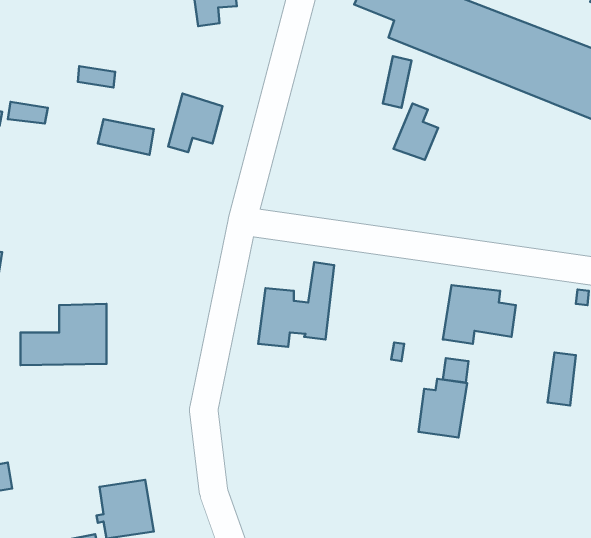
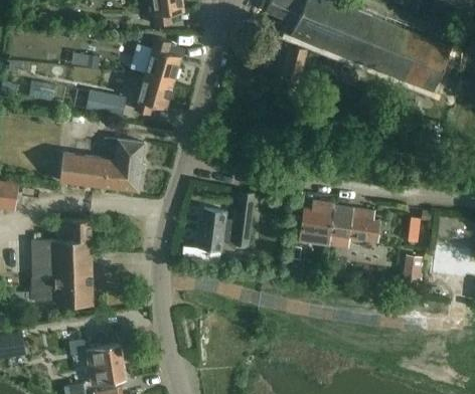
building: none -> [145,37,180,81]
building: [394,103,438,160] -> none
building: none -> [59,140,144,191]
building: none -> [31,262,93,305]
building: [418,379,467,437] -> [300,204,334,245]

